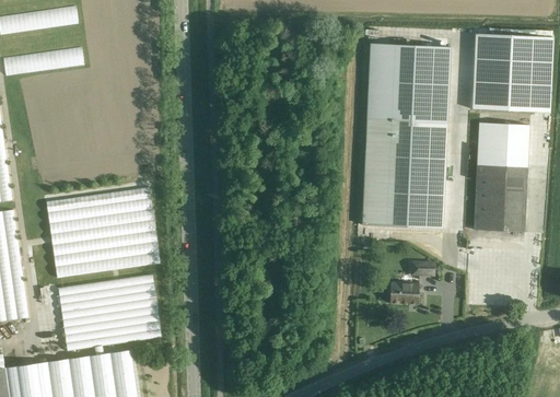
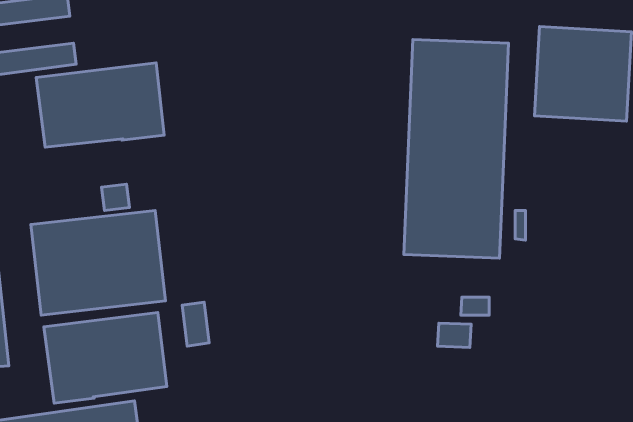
building: none -> [36,63,164,147]
building: [472,122,528,232] -> none
building: none -> [101,184,129,210]
building: none -> [182,302,209,346]

